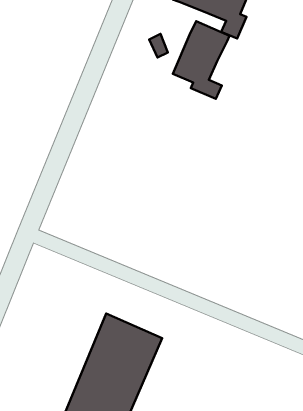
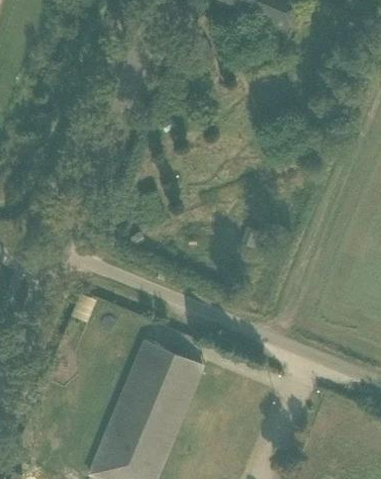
building: [173,21,229,99] -> none

